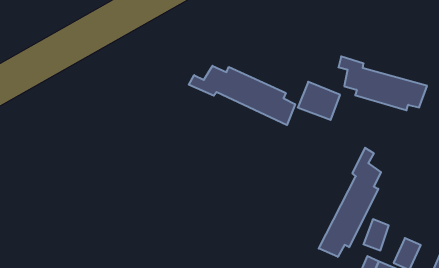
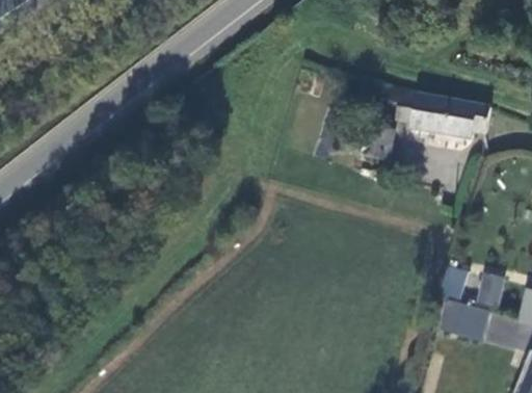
building: [189,66,295,125] -> none
building: [319,148,381,257] -> none

